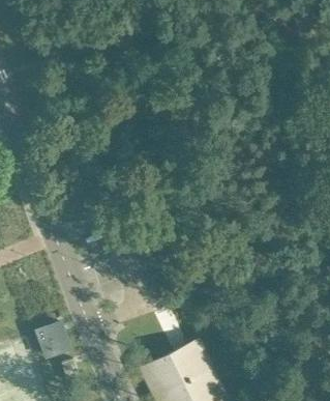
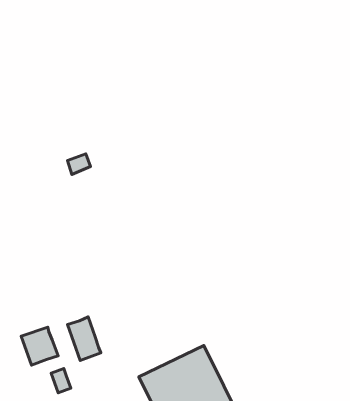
building: none -> [67,317,101,360]

